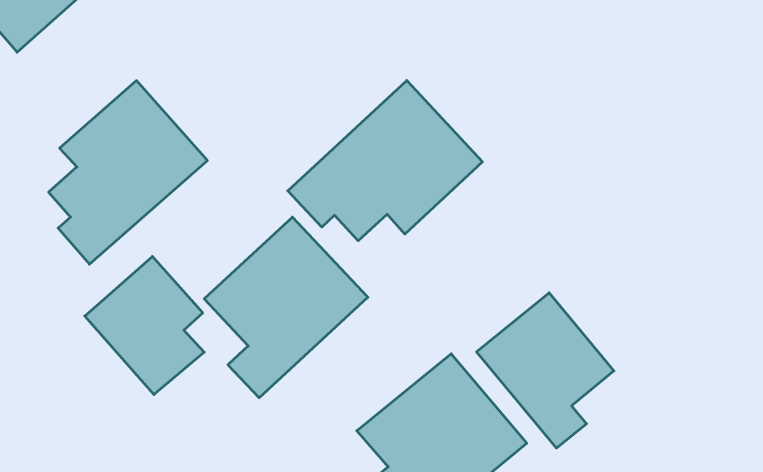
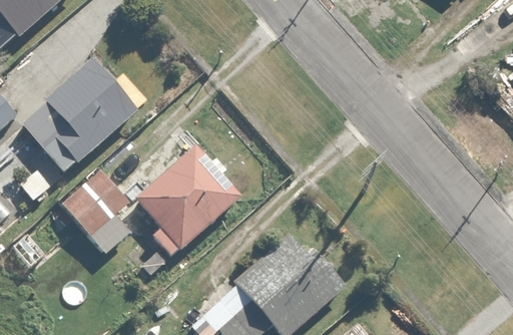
building: [288,80,482,241] -> none
building: [477,293,614,448] -> none

